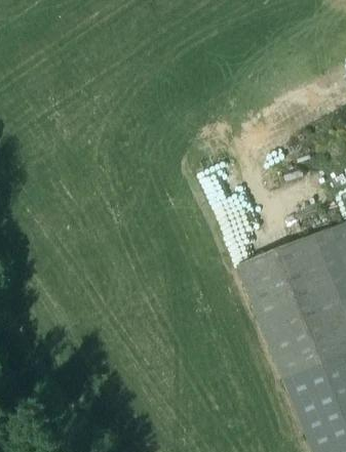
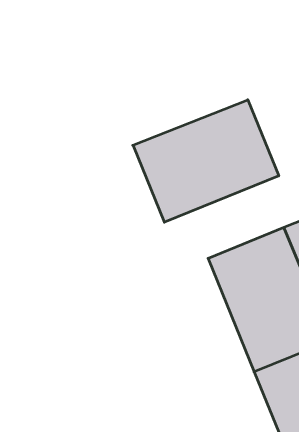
building: none -> [133,100,279,222]

